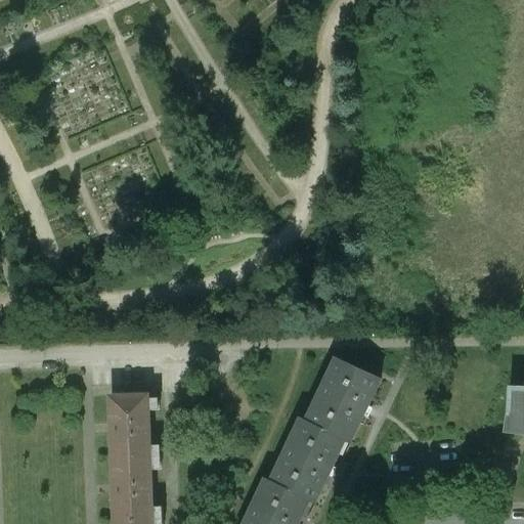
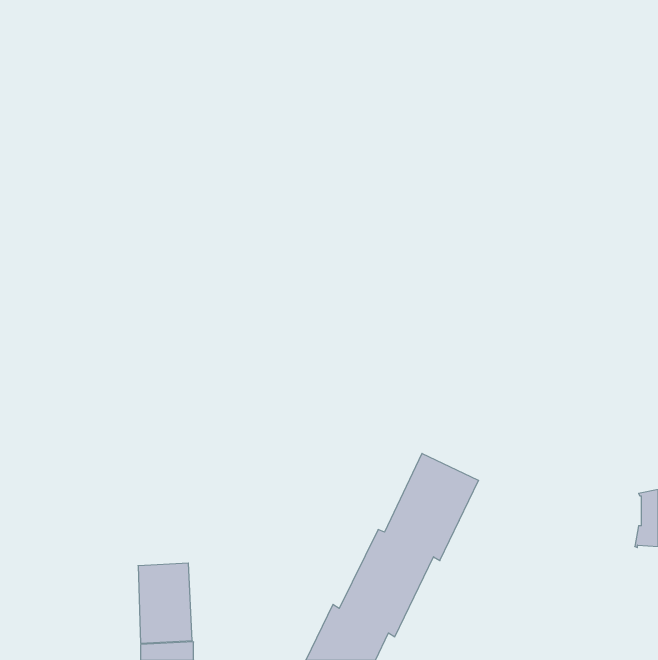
building: [105,385,149,448] -> none

